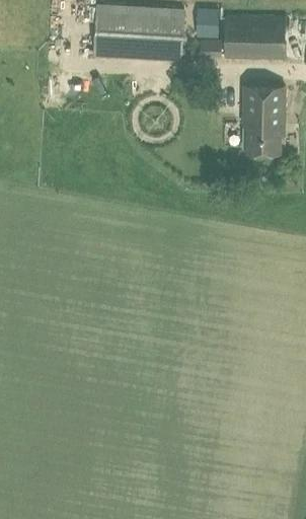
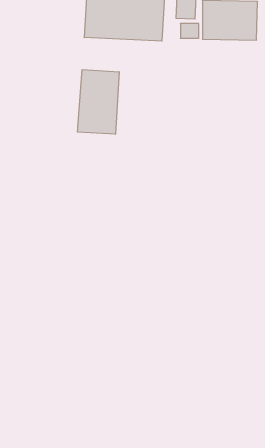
building: [243,86,285,152] -> none
building: none -> [78,70,119,134]

